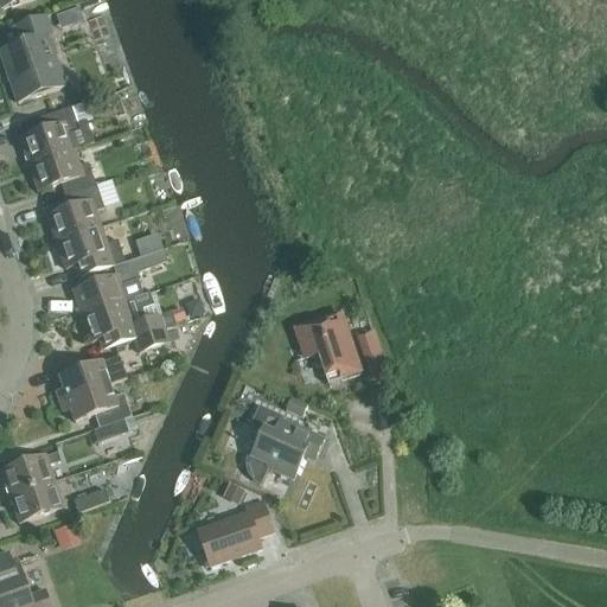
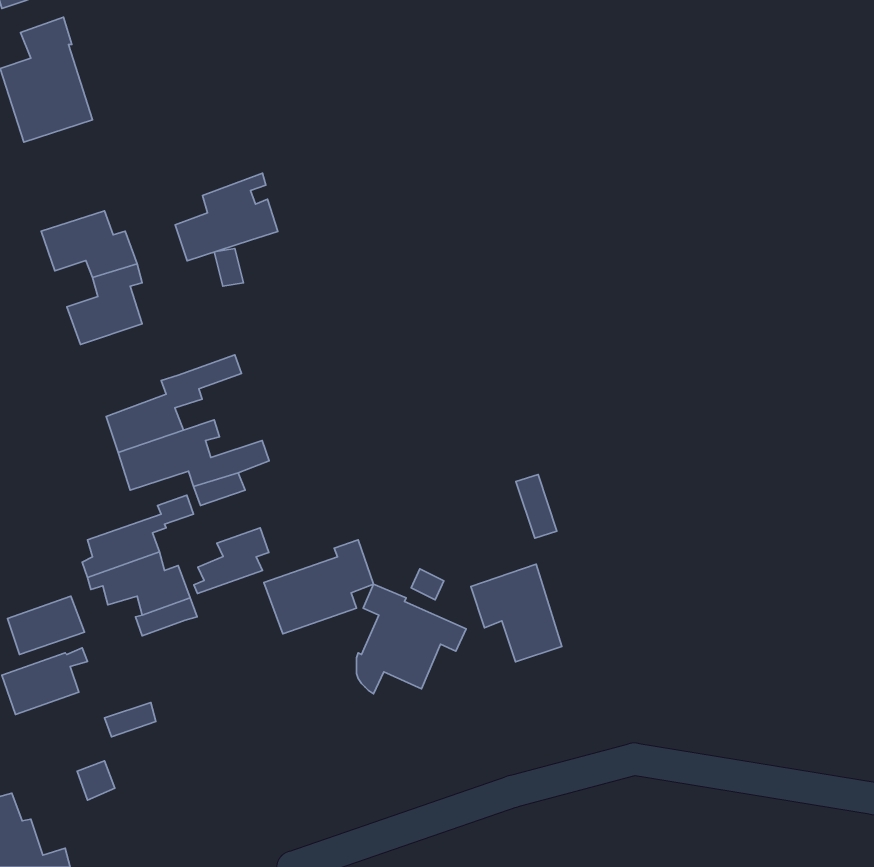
building: [20,100,91,160] -> [175,173,278,261]
building: [56,224,123,275] -> none
building: [295,309,358,377] -> [471,564,562,662]
building: none -> [194,528,269,594]
building: [11,479,64,519] -> [7,596,85,655]
building: [198,499,274,564] -> [264,540,374,634]

